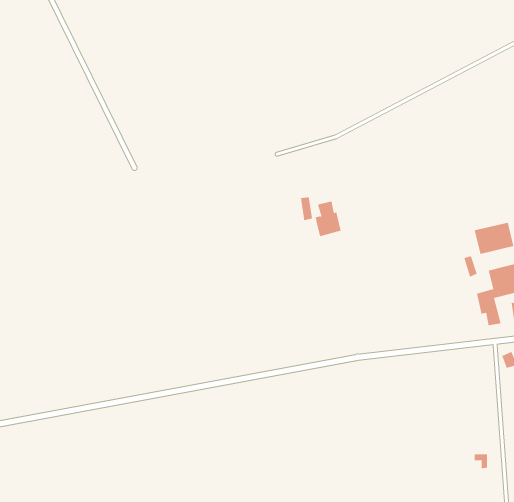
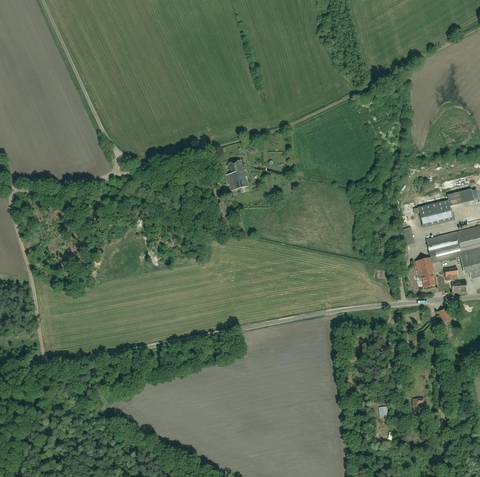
building: [315,201,341,237] -> [226,159,249,190]

